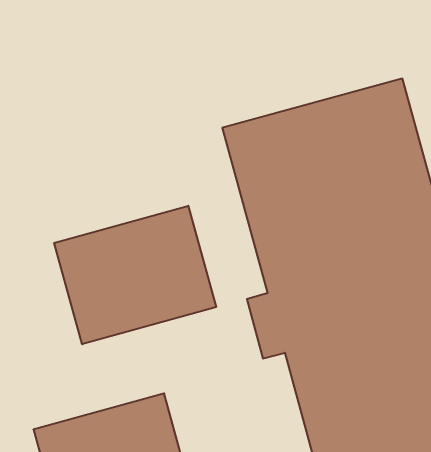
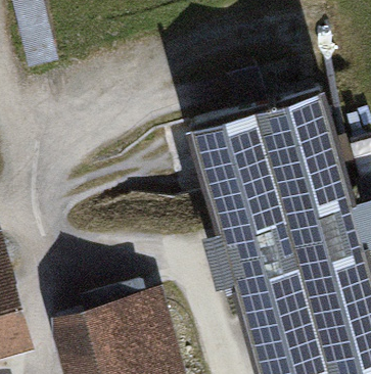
building: [54,206,216,344] -> none

